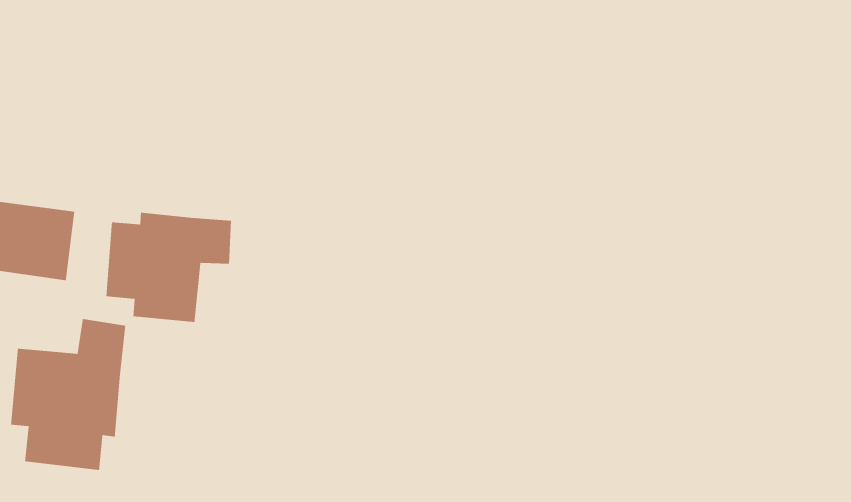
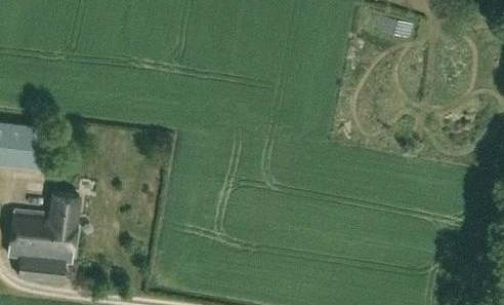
building: [105,212,232,323] -> none

